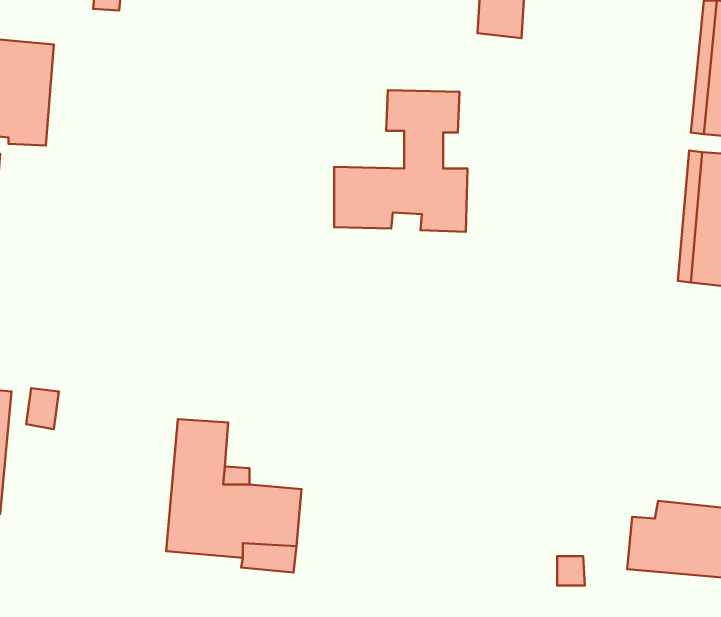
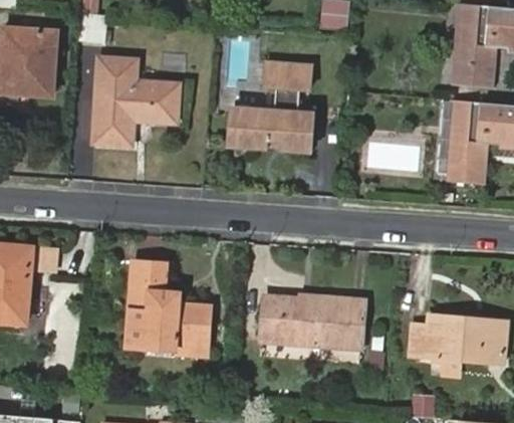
building: none -> [96,59,180,145]
building: none -> [262,295,366,349]

